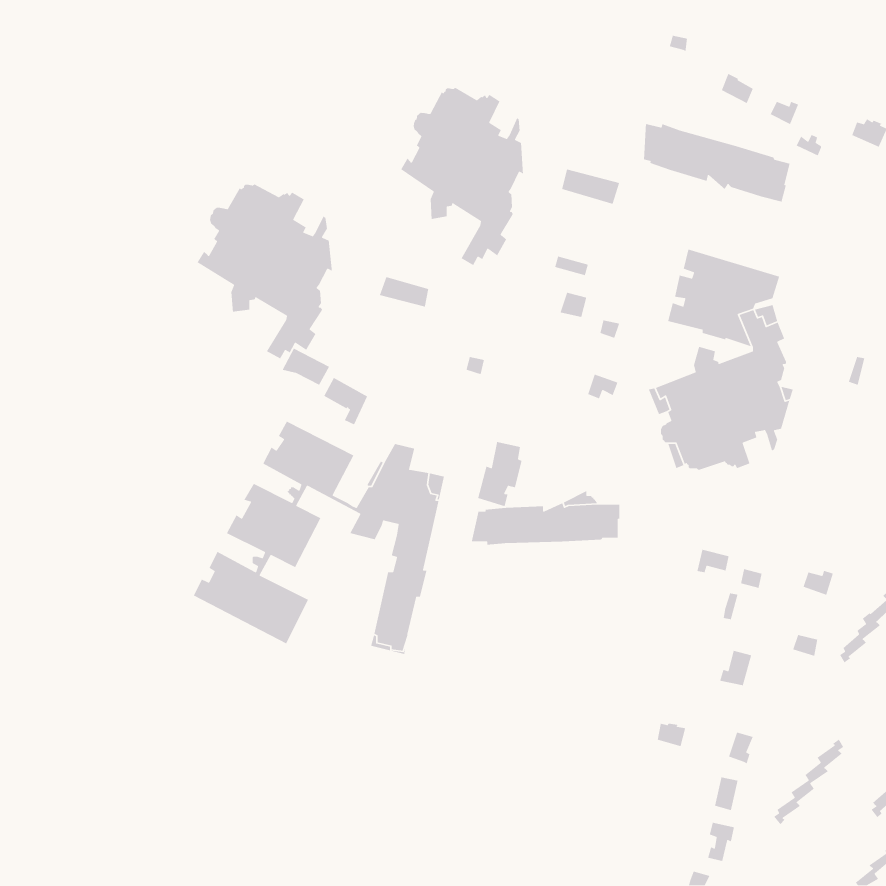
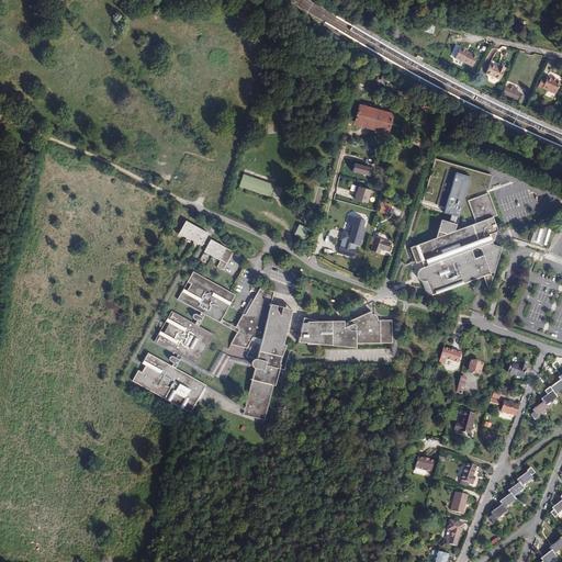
building: [400,87,524,266] -> none
building: [643,123,791,202] -> none
building: [197,183,333,359] -> none
building: [477,441,522,507] -> [338,215,367,257]

